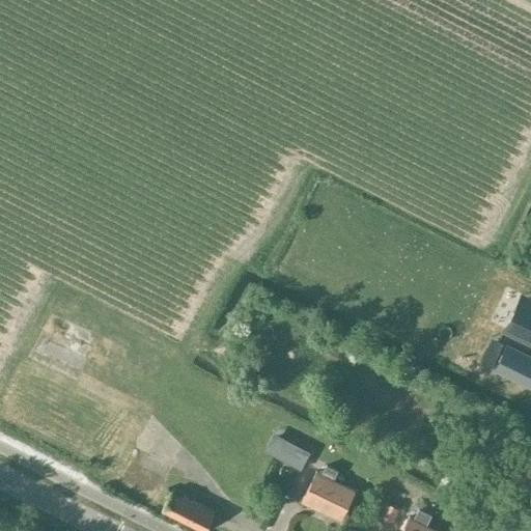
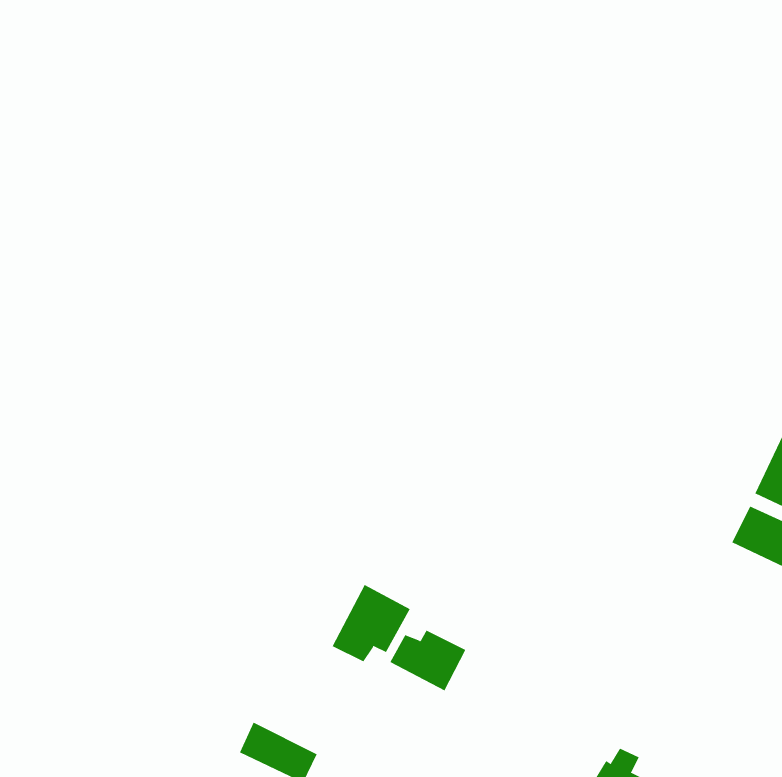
building: none -> [332,584,411,662]
building: [302,467,356,522] -> none

